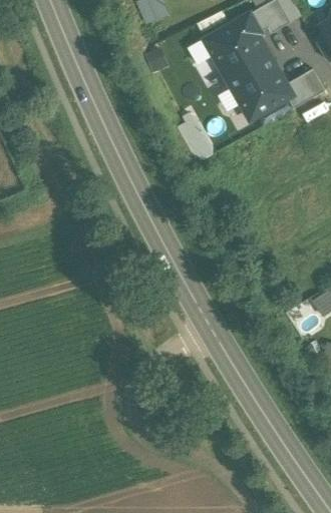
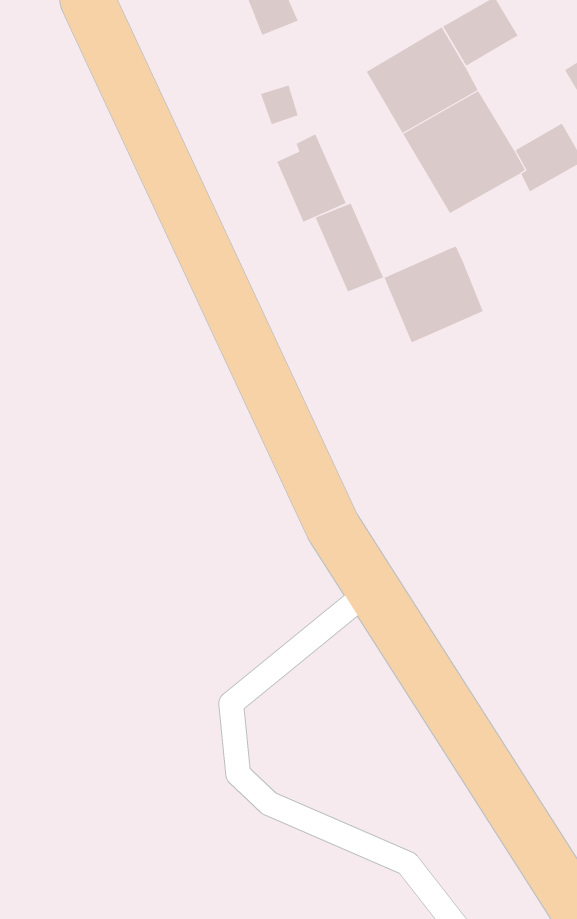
building: none -> [276,133,346,223]
building: none -> [384,246,484,343]

